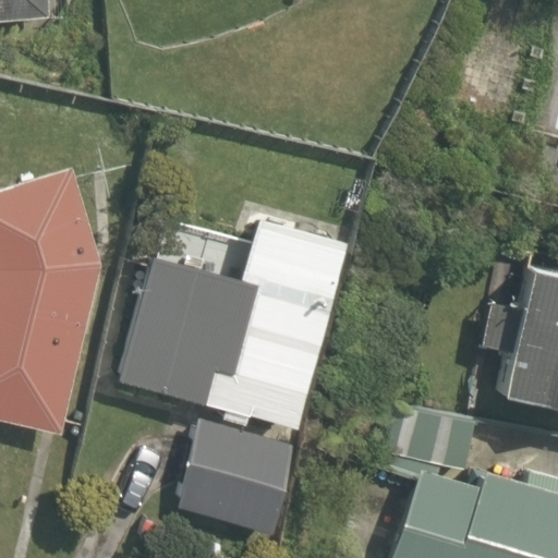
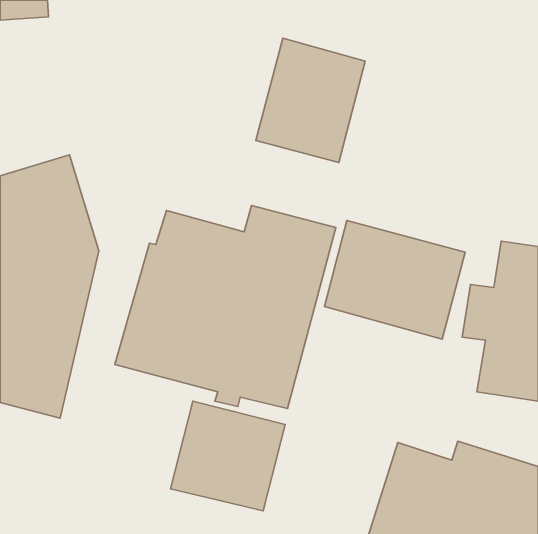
building: none -> [256,38,365,163]
building: none -> [325,221,465,339]

